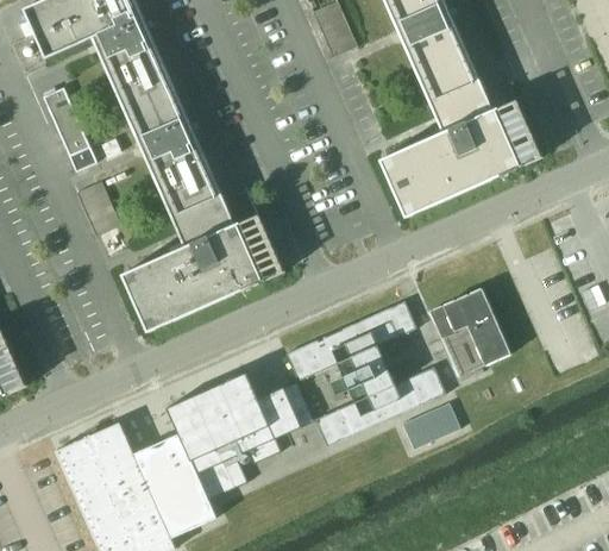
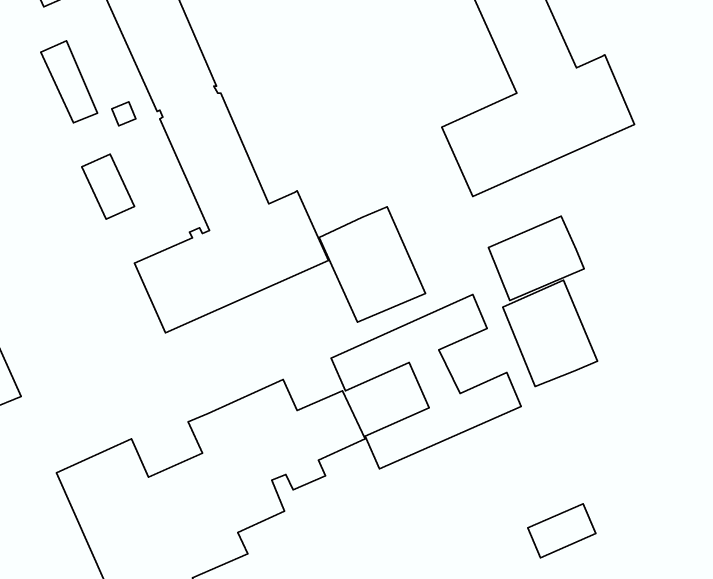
building: none -> [319,207,425,322]
building: none -> [489,216,584,300]
building: [402,403,459,449] -> [528,504,596,558]

